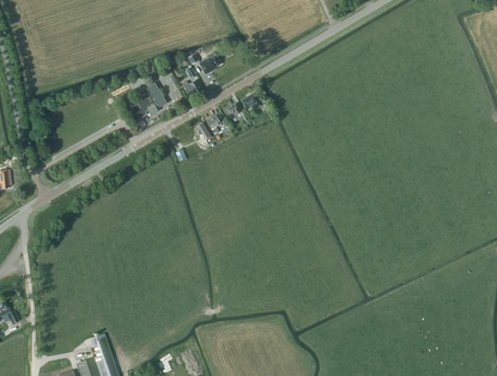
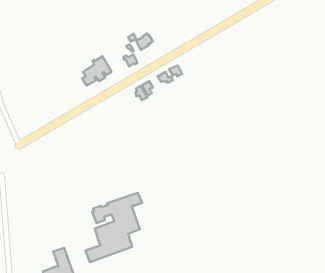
building: none -> [85,193,142,262]

